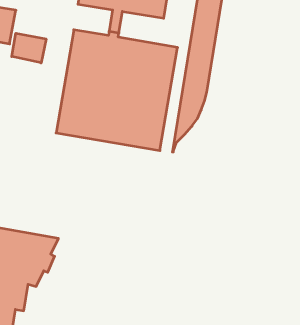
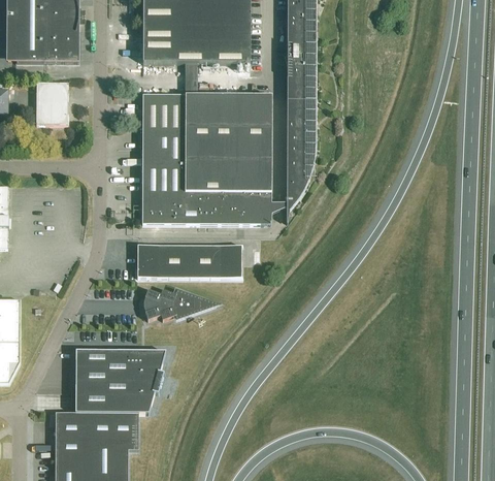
building: [12,33,46,63] -> none
building: none -> [137,245,243,277]
building: none -> [144,290,209,321]

